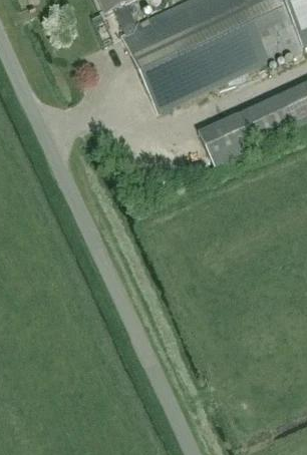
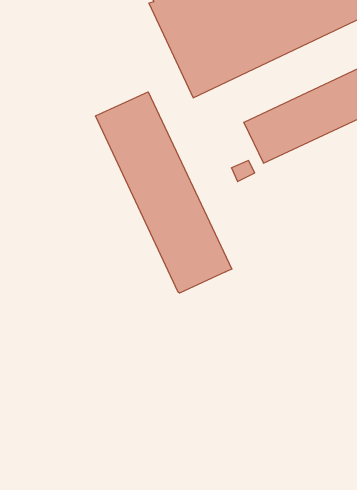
building: none -> [96,92,232,293]

